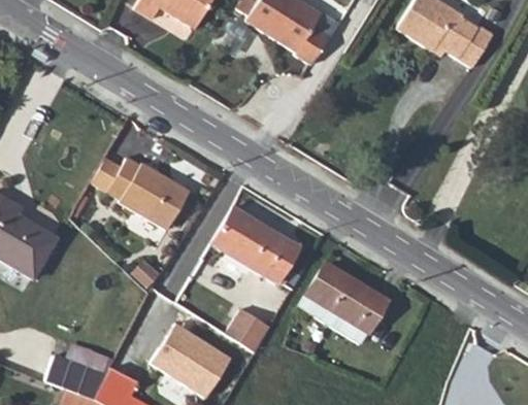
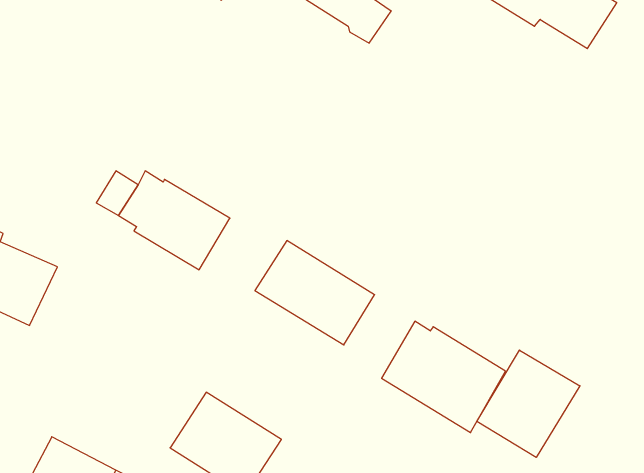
building: none -> [477,350,580,457]
building: [229,306,275,350] -> none

